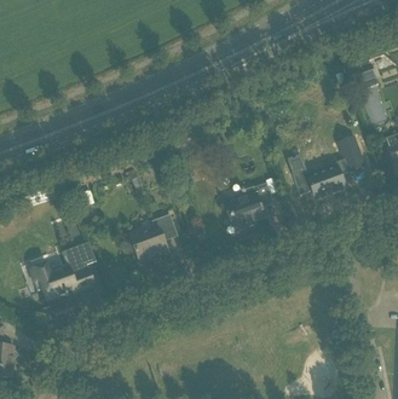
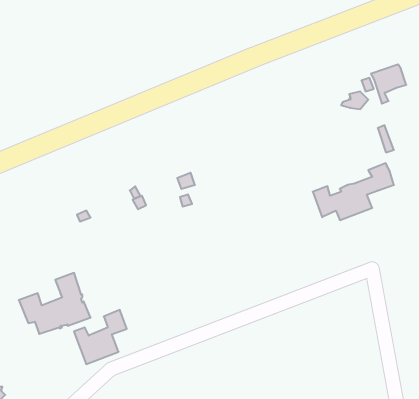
building: [226,185,273,232] -> none
building: [128,216,175,265] -> [74,310,127,364]

